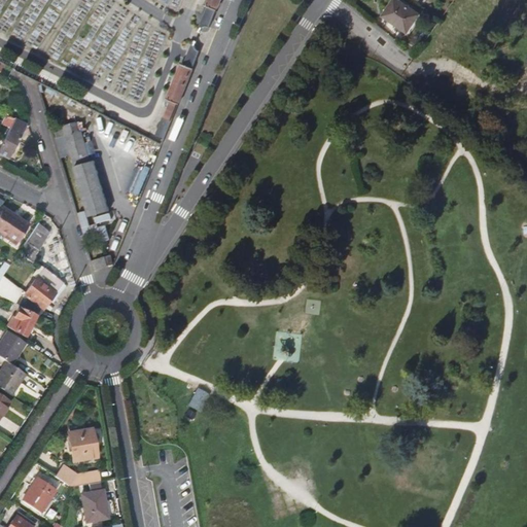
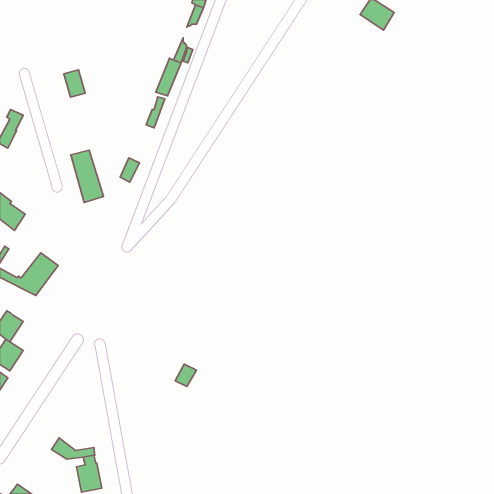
building: [66,130,89,159] -> [64,70,85,97]
building: [16,222,49,258] -> none
building: [10,307,33,338] -> none
building: [69,432,97,464] -> none
building: [22,479,55,515] -> none

